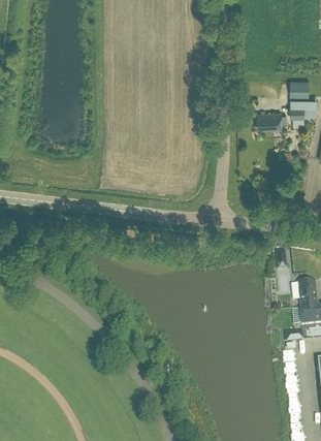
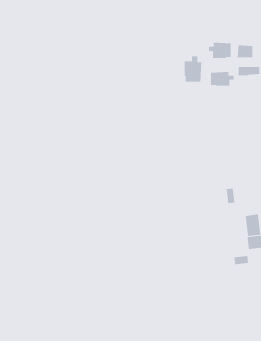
building: none -> [208,42,231,59]
building: none -> [184,56,202,82]

